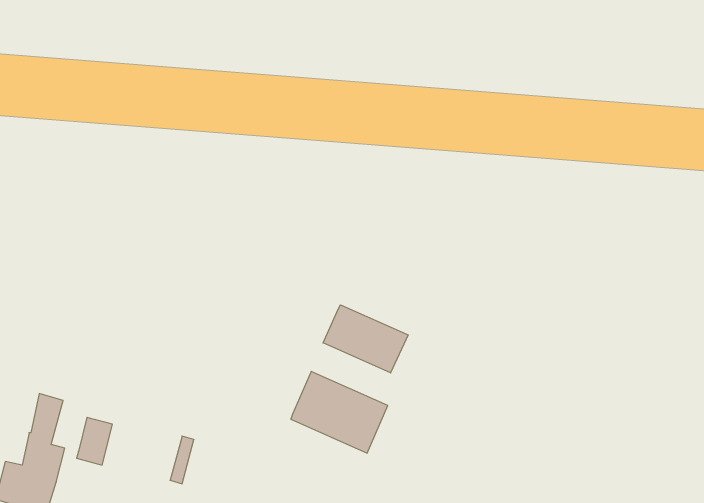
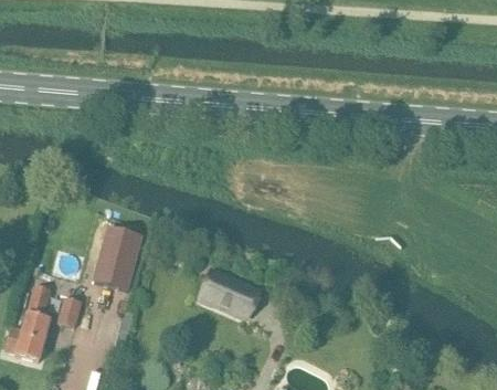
building: [323,305,408,373] -> none
building: none -> [93,228,141,289]

